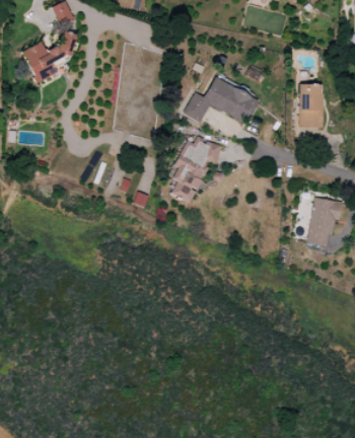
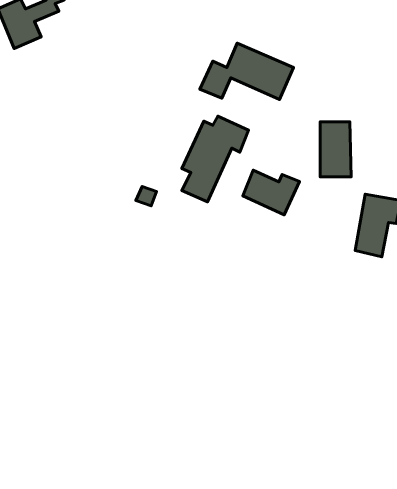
building: [299,84,324,128] -> [320,122,351,177]
building: none -> [243,170,300,215]

